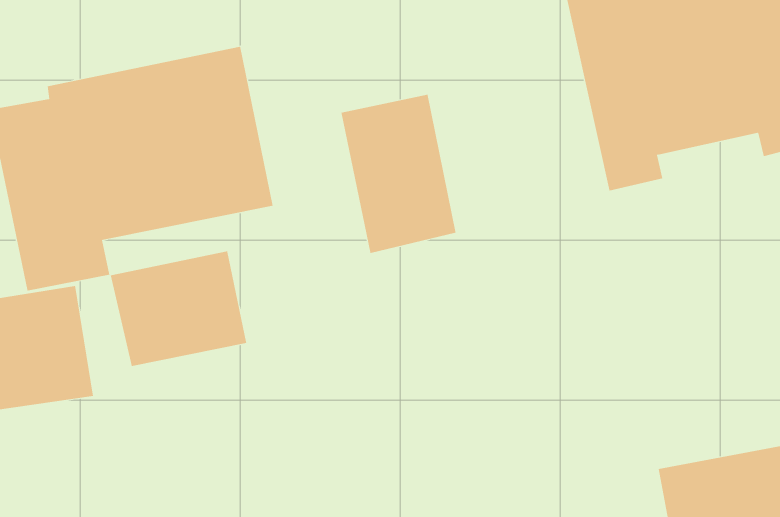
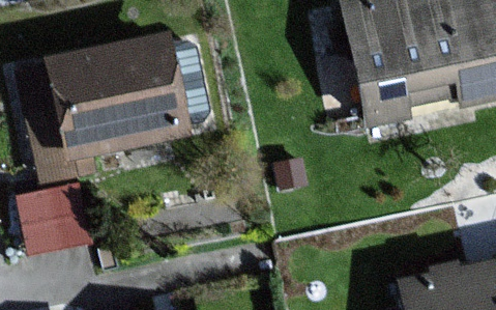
building: [341,94,456,254] -> none
building: [110,251,247,367] -> none

